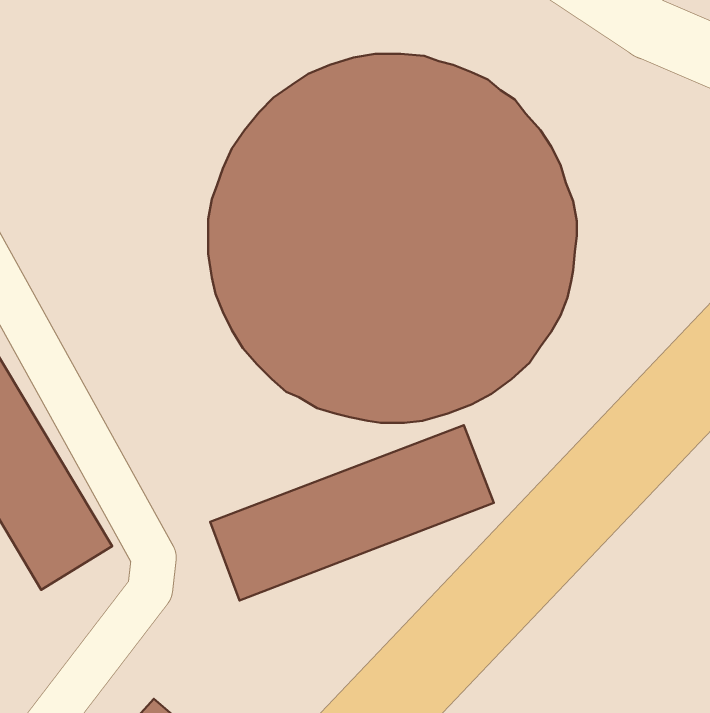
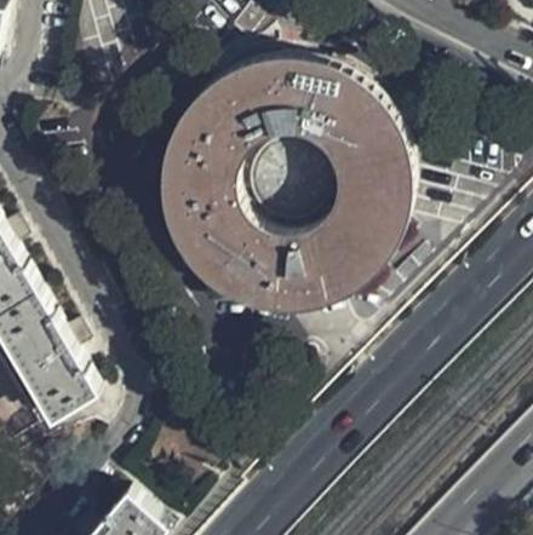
building: [210,425,494,601] -> none

